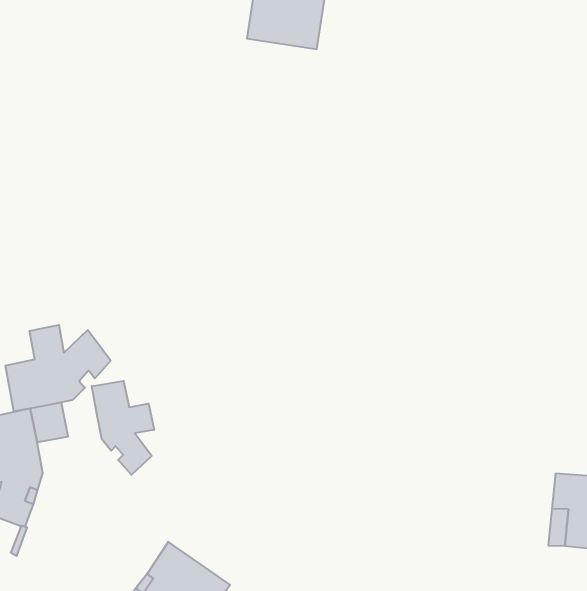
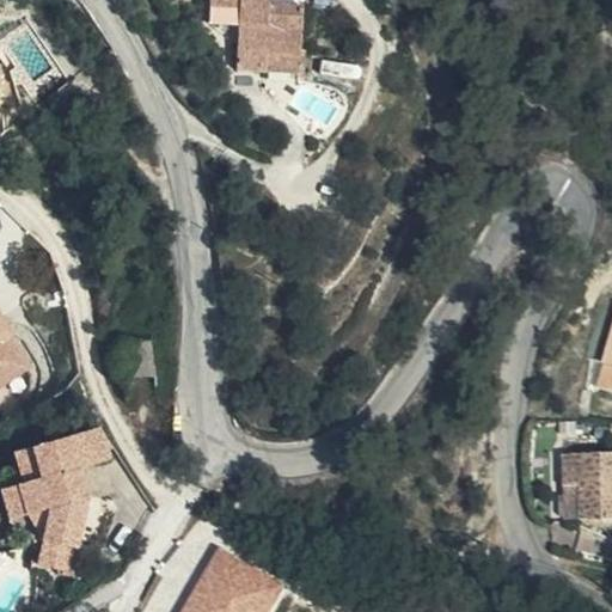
building: [6,325,111,411] -> none
building: [92,381,154,475] -> none

